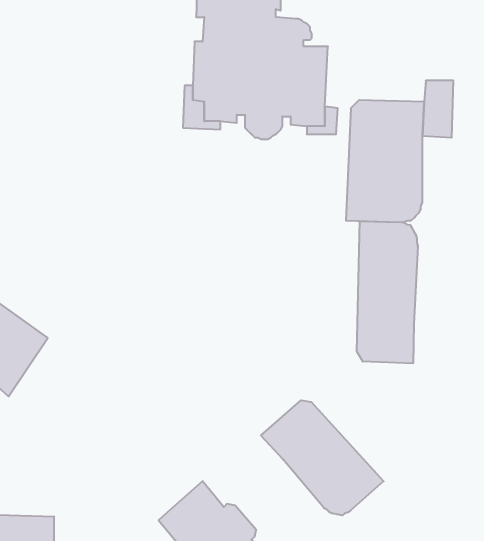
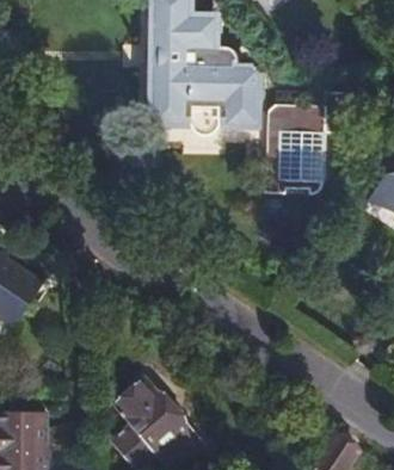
building: [357,221,418,363] -> none
building: [261,400,384,515] -> none

